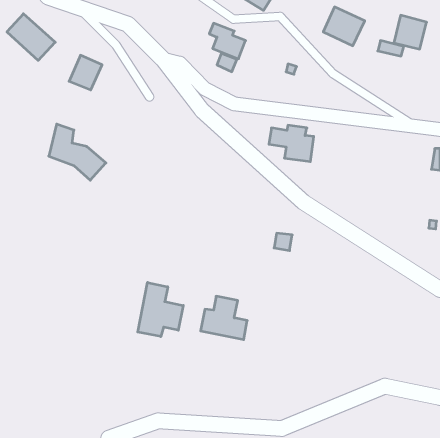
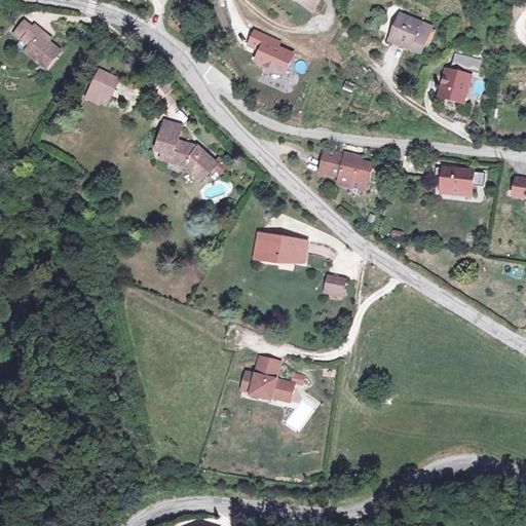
building: [394,15,427,49] -> [436,66,475,106]
building: [49,124,106,180] -> [153,117,221,184]
building: none -> [433,164,487,199]
building: none -> [252,230,309,264]
building: [138,282,183,337] -> none

